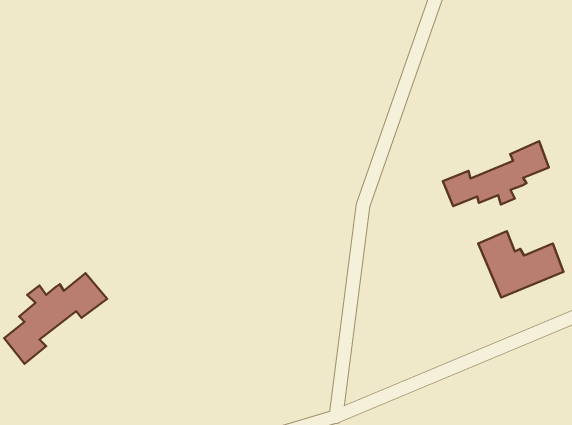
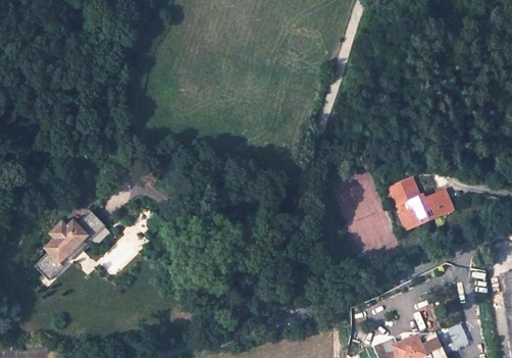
building: [443,141,549,206] -> none

